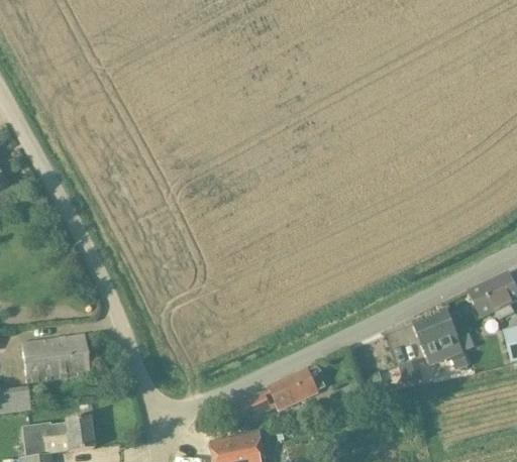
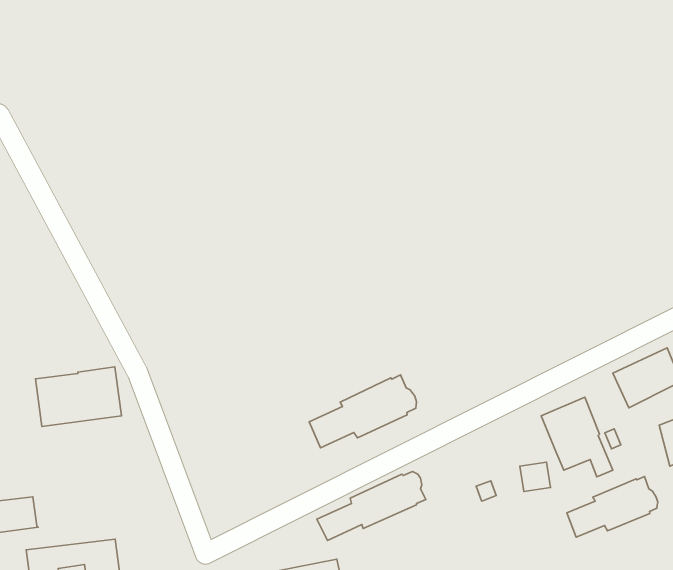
building: none -> [309,375,417,448]
building: [22,335,88,380] -> [35,367,122,426]
building: none -> [567,477,658,537]

